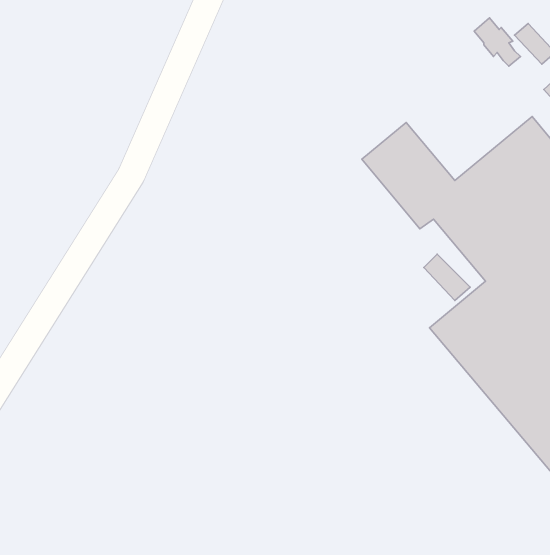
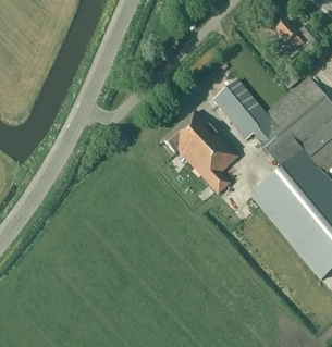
building: none -> [163,109,238,193]

